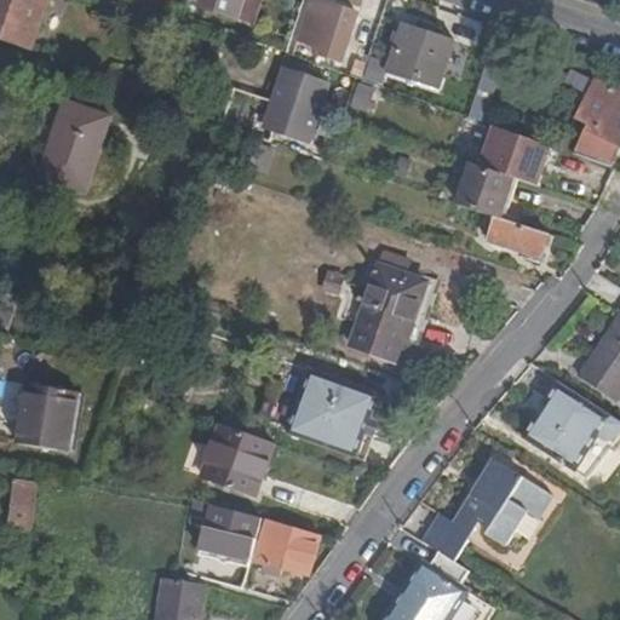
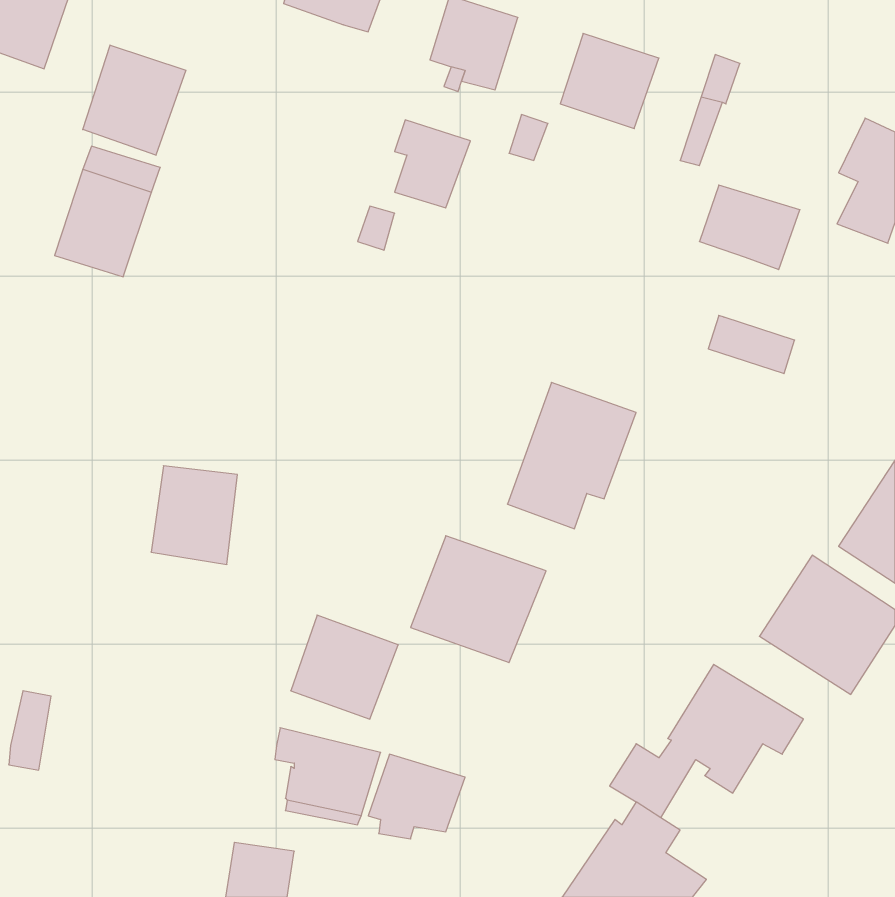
building: none -> [83,45,186,155]
building: [457,163,512,218] -> none
building: [15,383,74,450] -> [151,466,237,564]

